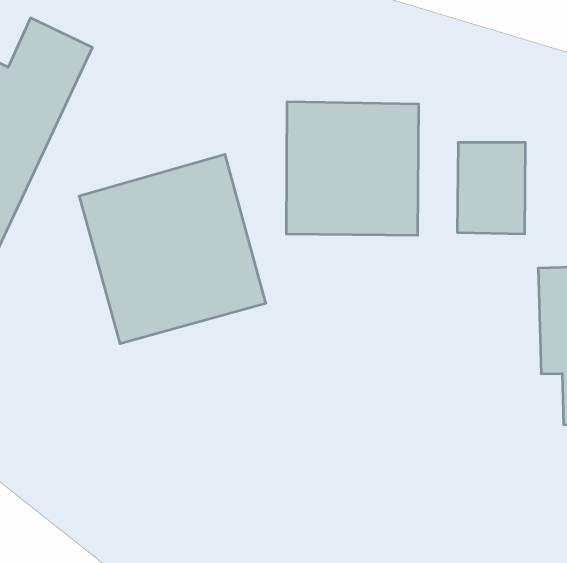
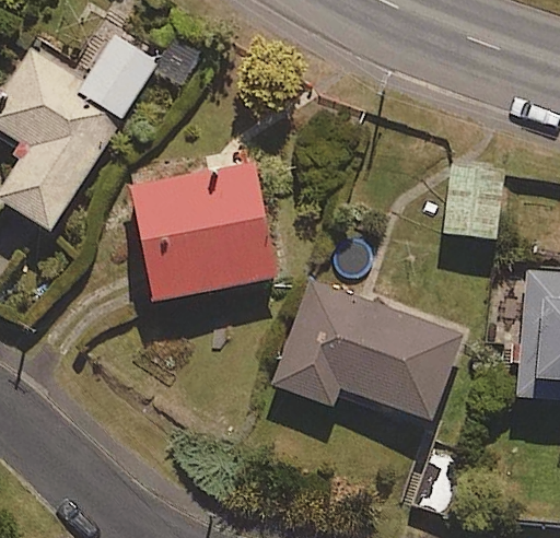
building: [286,102,419,235] -> none
building: none -> [269,278,466,424]

